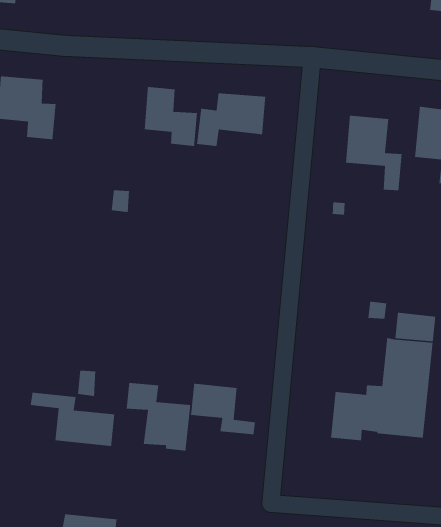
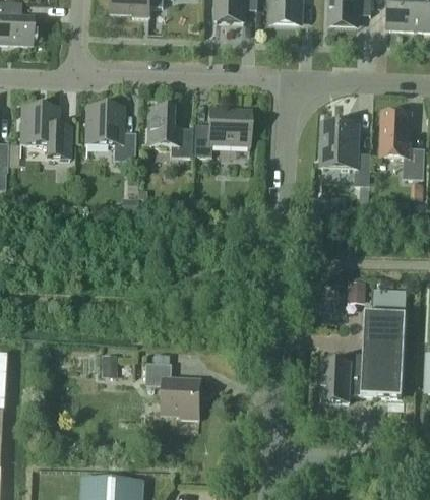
building: none -> [84,105,135,160]
building: [190,383,256,435] -> none
building: [30,392,115,447] -> none

